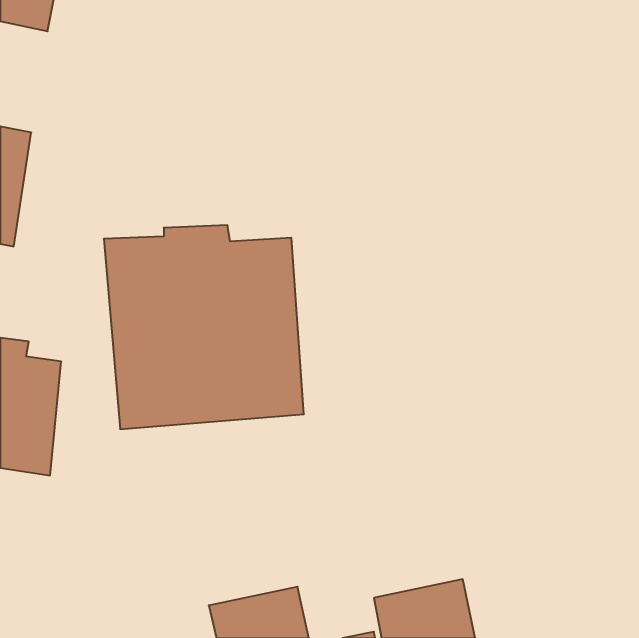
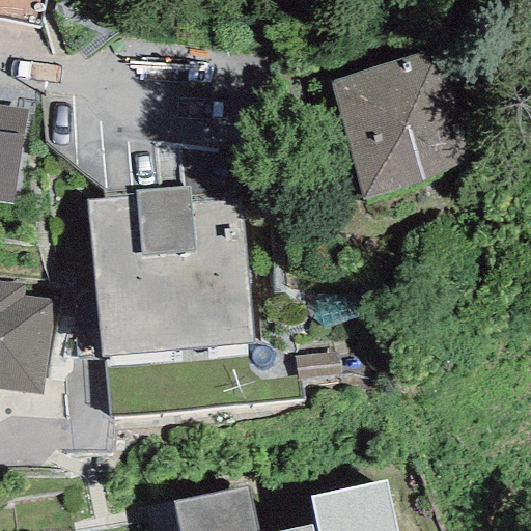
building: none -> [329,51,468,198]

